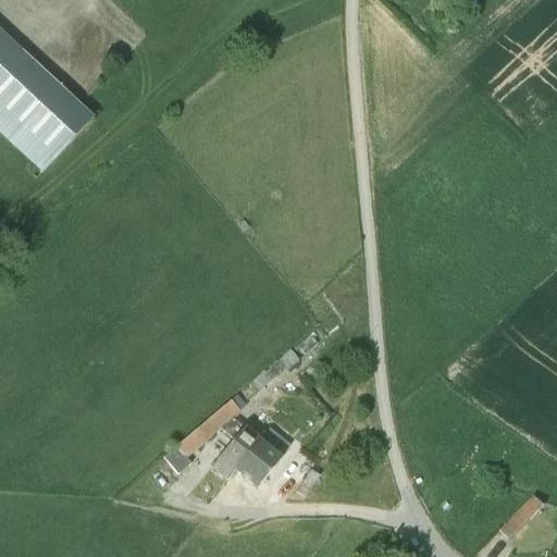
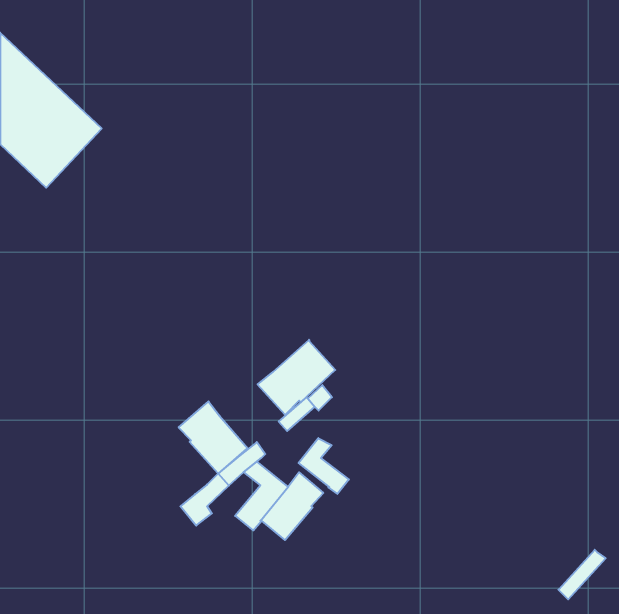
building: none -> [258,340,335,415]
building: none -> [179,401,248,473]
building: none -> [299,438,349,494]

